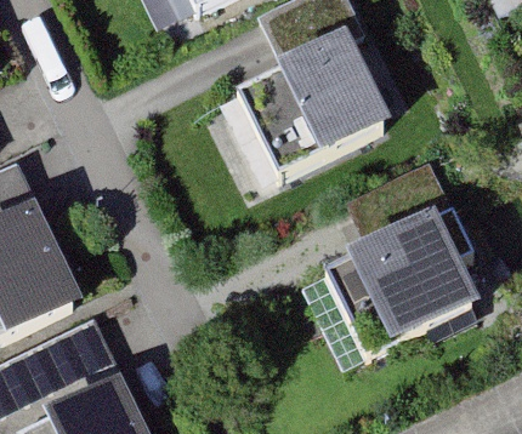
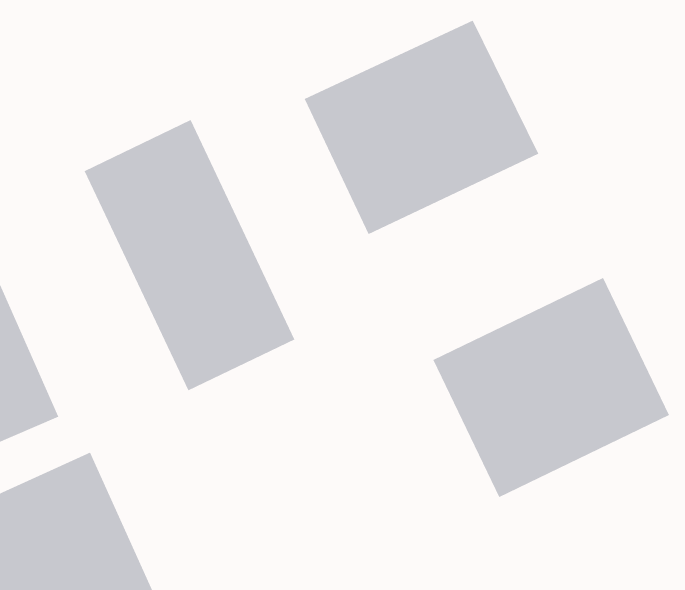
building: none -> [84,119,295,391]

